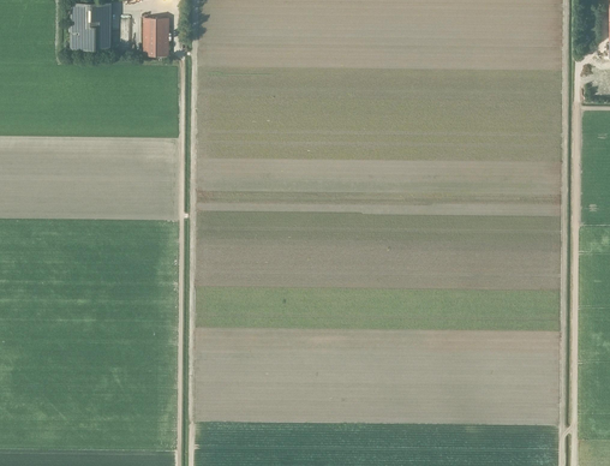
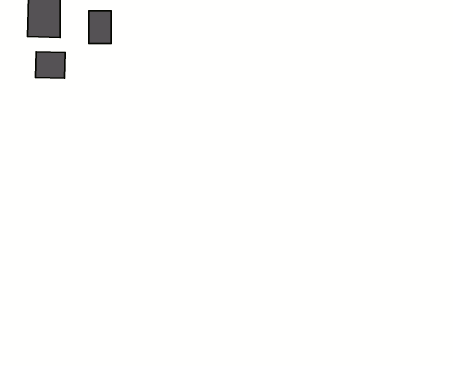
building: none -> [36,52,65,78]

